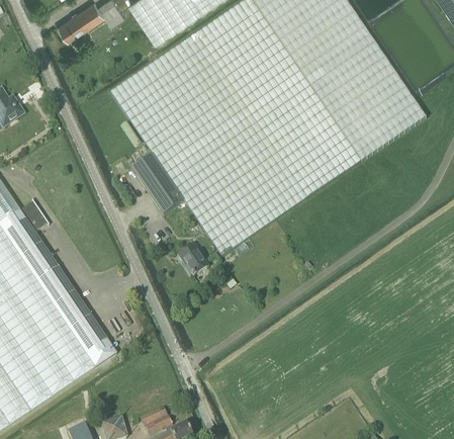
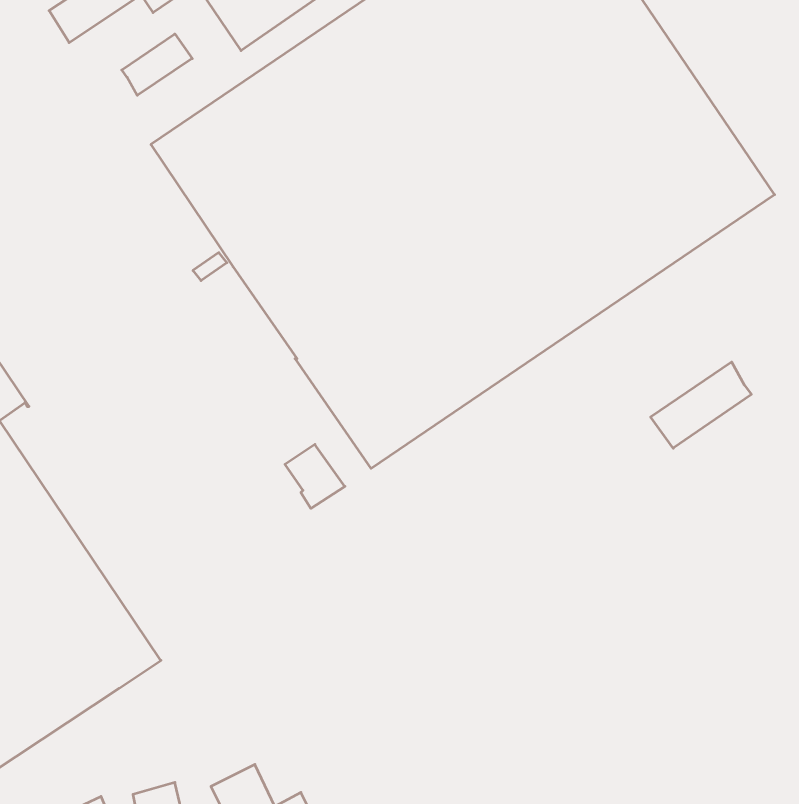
building: none -> [122,34,192,95]
building: [131,153,184,213] -> none
building: none -> [651,362,751,448]

